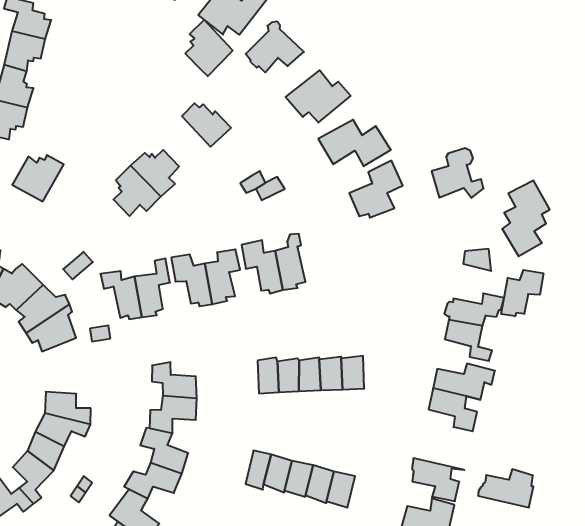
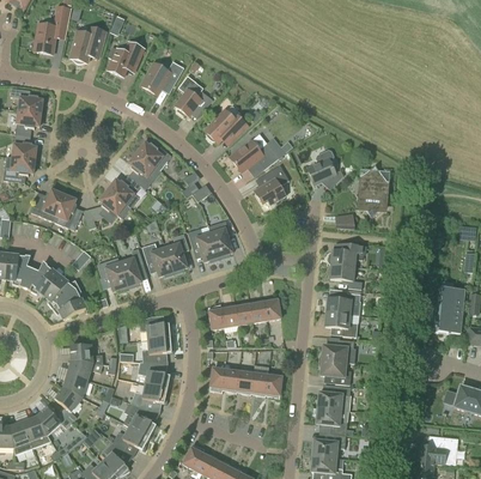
building: [185,20,233,76] -> [128,152,159,189]
building: none -> [53,194,83,230]
building: [501,270,543,316] -> none
building: [478,469,533,508] -> [319,339,355,363]

